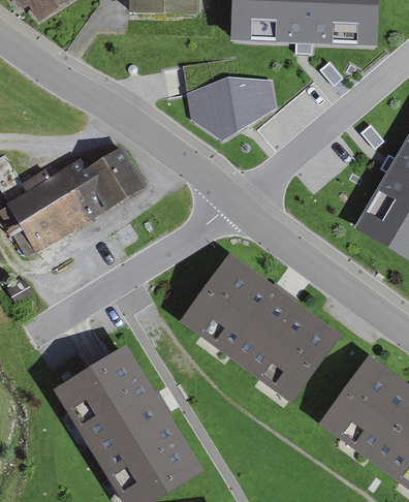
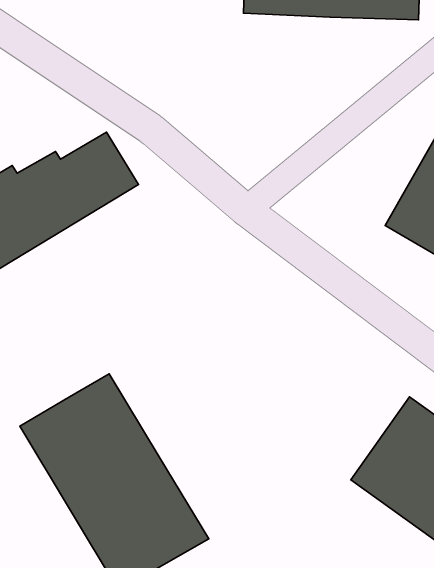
building: [183,61,278,145] -> none
building: [178,249,343,403] -> none

